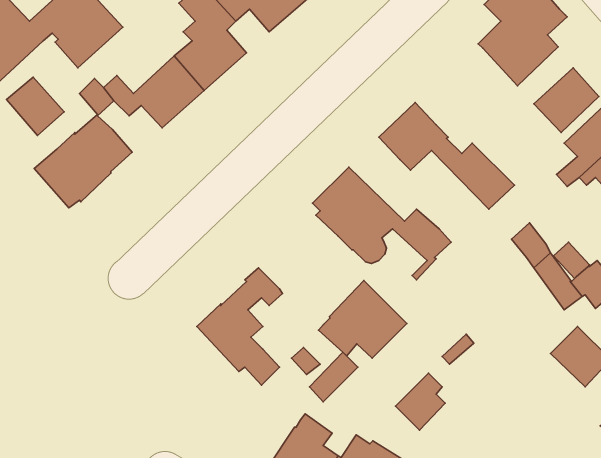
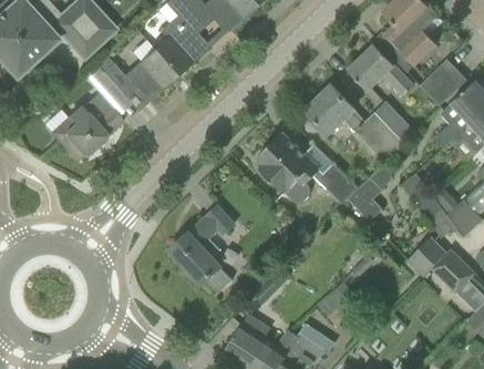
building: none -> [348,44,413,95]
building: [7,77,64,136] -> none
building: none -> [373,102,415,145]
building: none -> [346,177,383,222]
building: [318,280,407,358] -> none
building: none -> [409,238,446,276]

